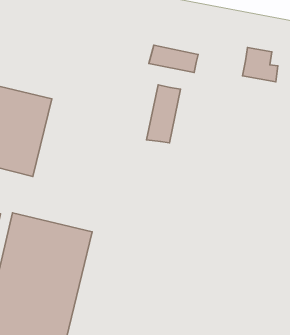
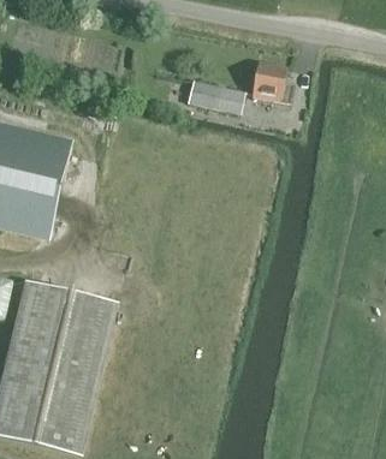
building: [243,48,278,82] -> [251,61,293,102]
building: [147,85,180,143] -> none

